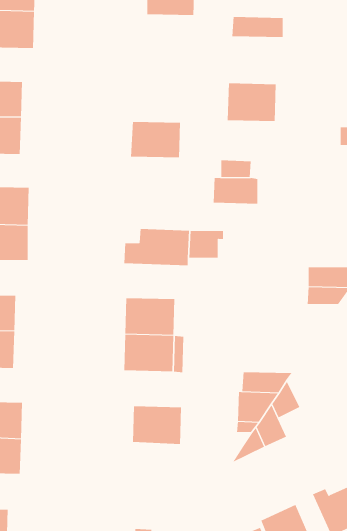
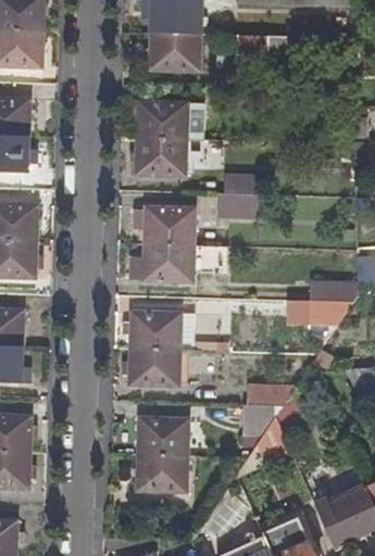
building: none -> [151,33,199,70]
building: [227,83,277,122] -> [138,101,187,139]
building: none -> [135,206,193,244]
building: none -> [137,454,186,492]

